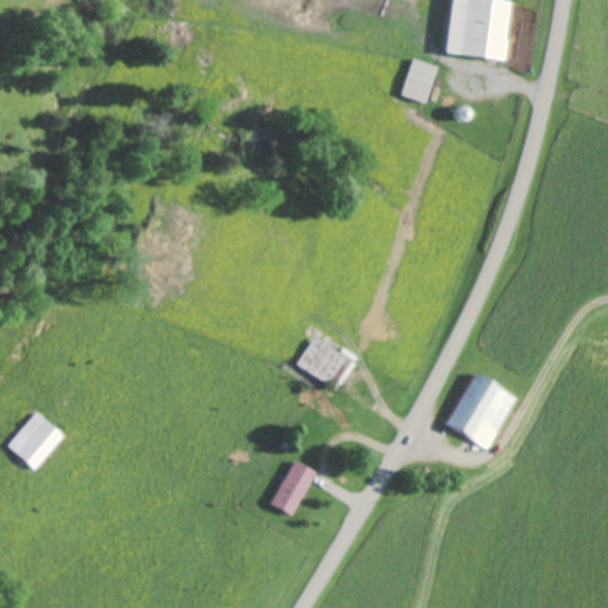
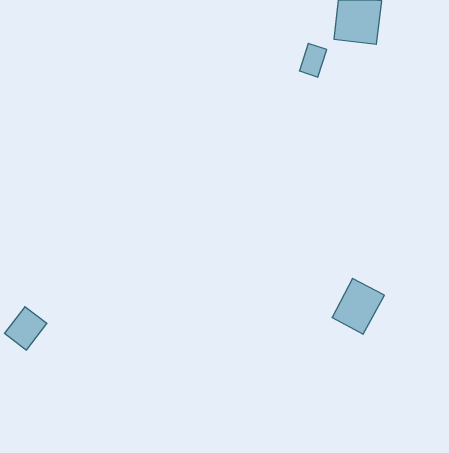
building: [292,336,354,390] -> none
building: [267,460,310,515] -> none

